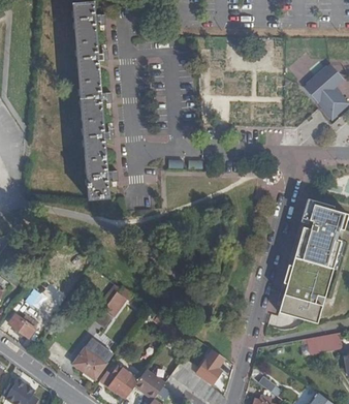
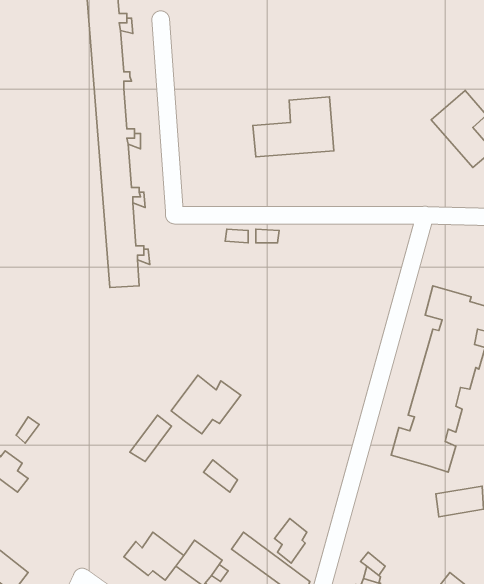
building: none -> [253,97,334,157]
building: none -> [171,375,241,434]
building: [71,338,110,380] -> none

